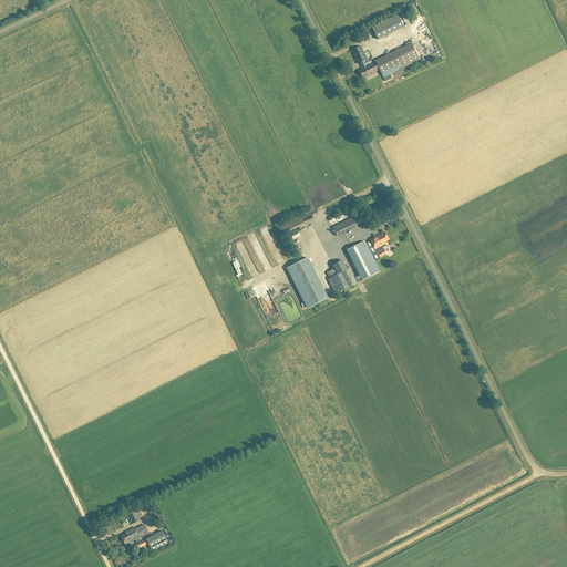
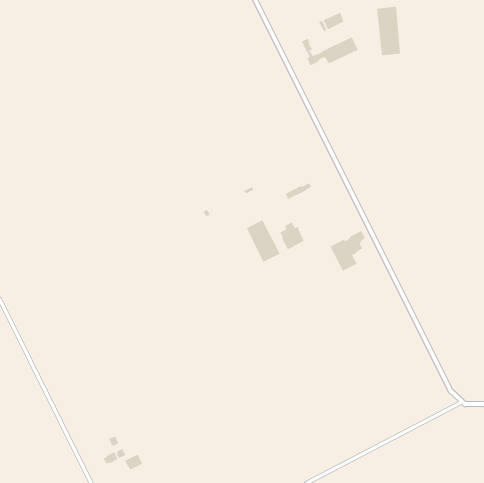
building: none -> [376,6,401,56]
building: [346,230,389,279] -> [329,230,366,272]

